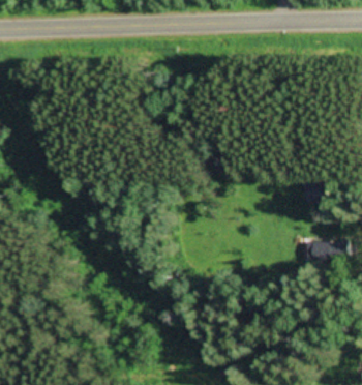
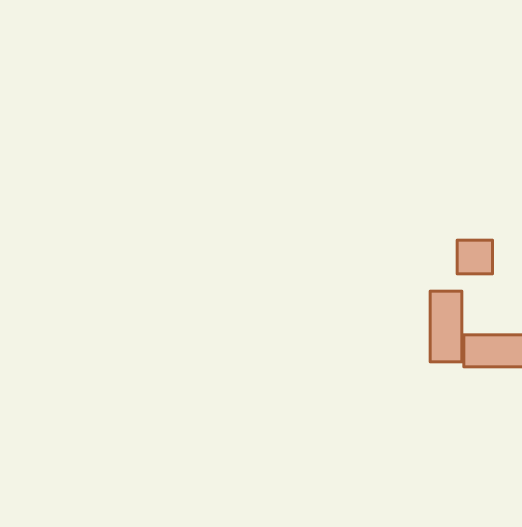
building: none -> [430,291,462,362]

